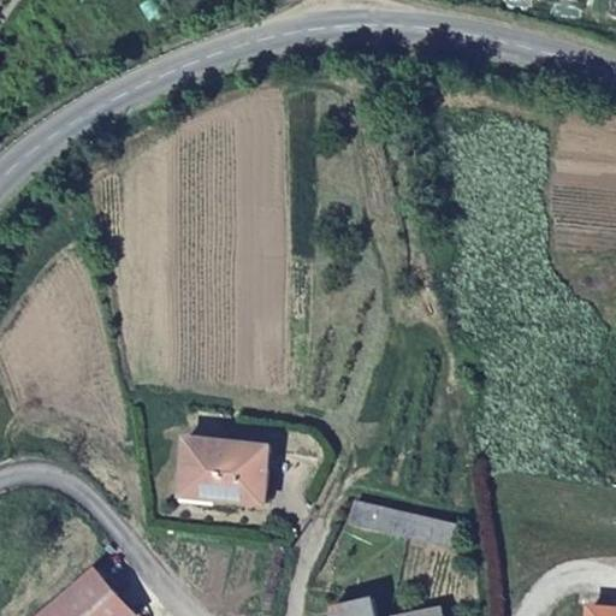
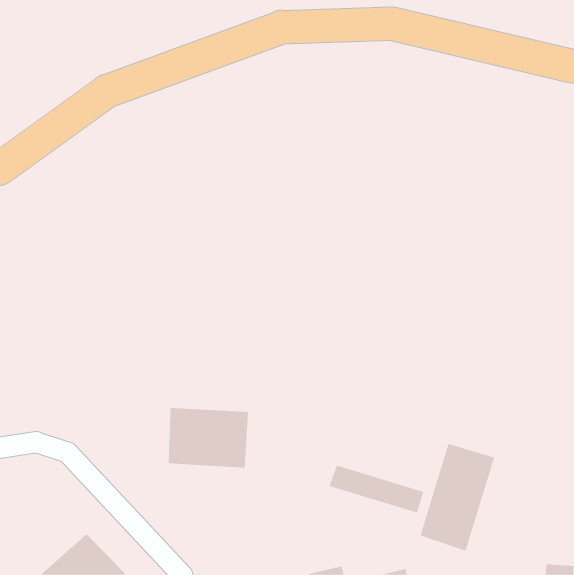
building: none -> [420,443,495,551]

